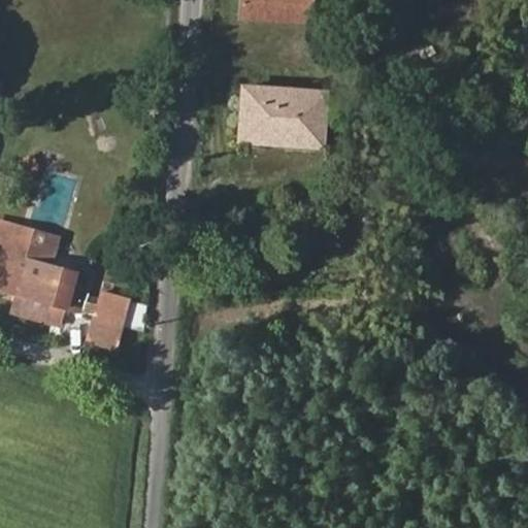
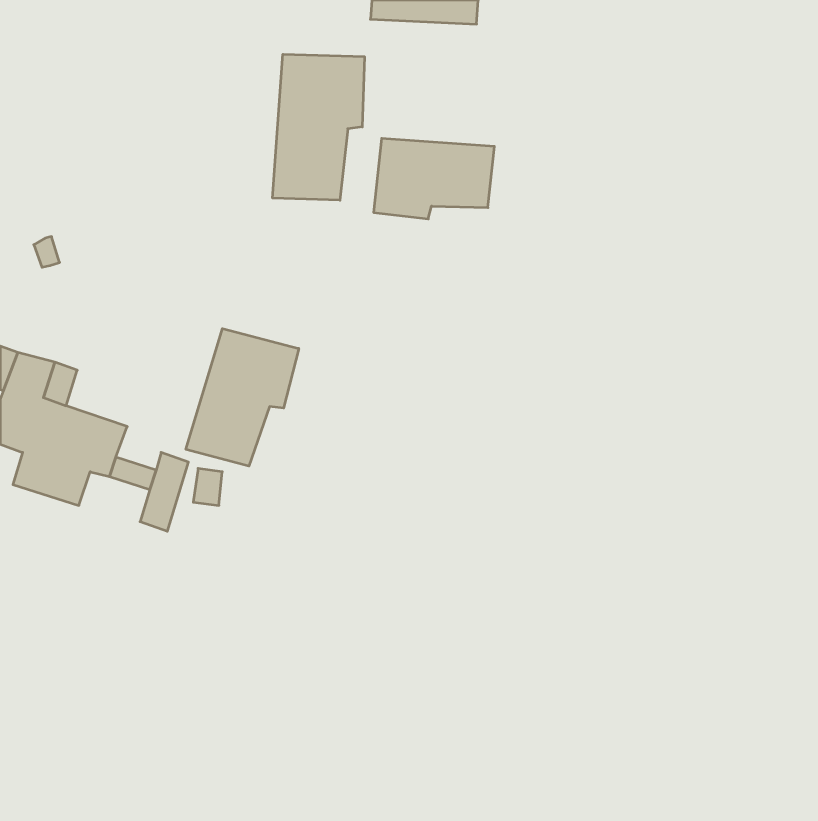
building: none -> [273,54,364,200]
building: none -> [186,329,299,466]

